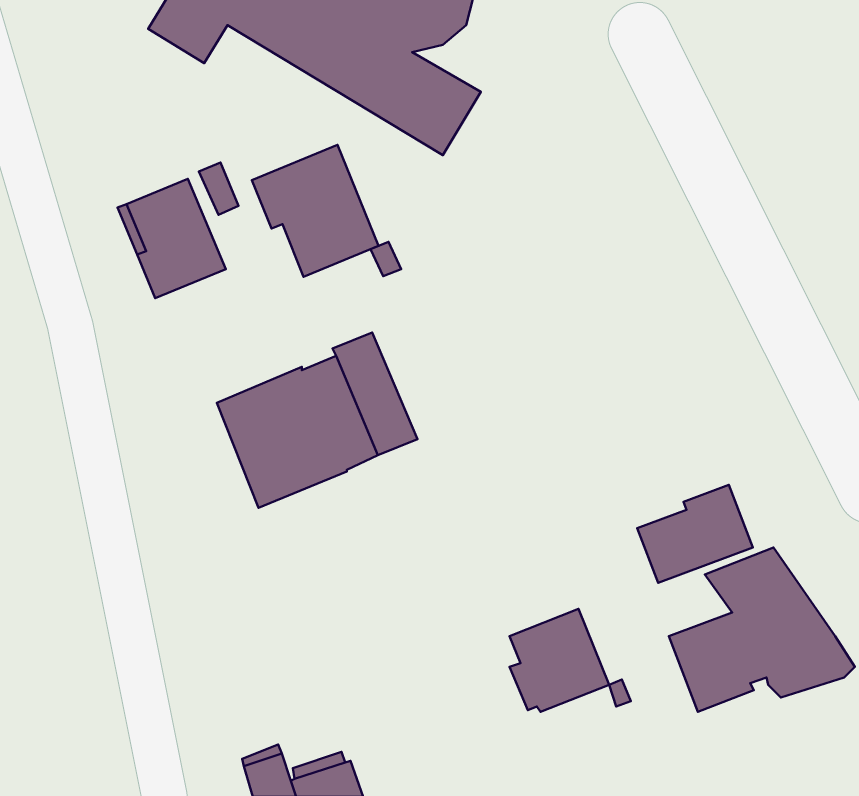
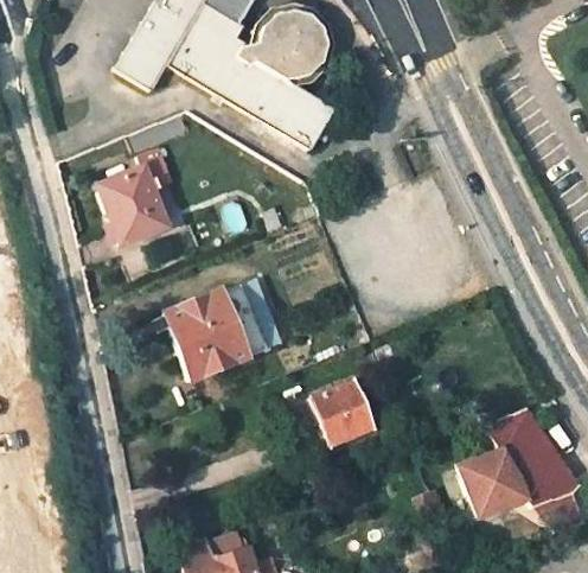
building: [252,145,378,277] -> none
building: [637,485,753,583] -> none
building: [510,609,609,712] -> [308,380,373,447]

